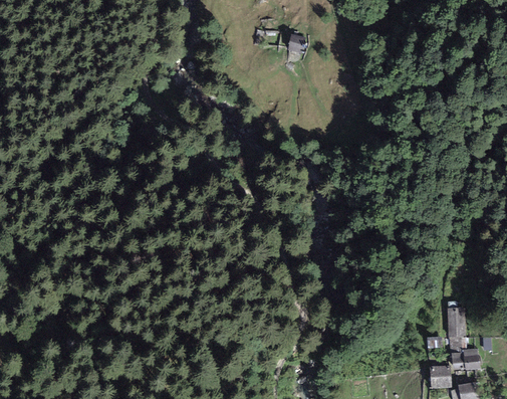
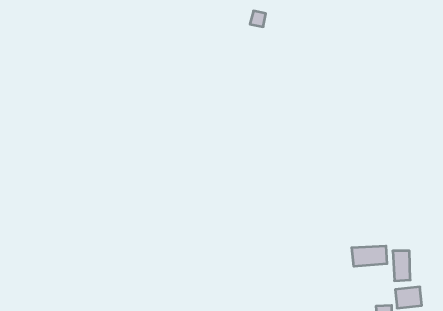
building: none -> [352,246,387,266]

